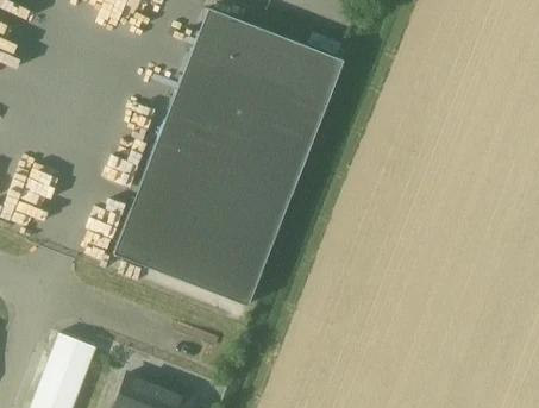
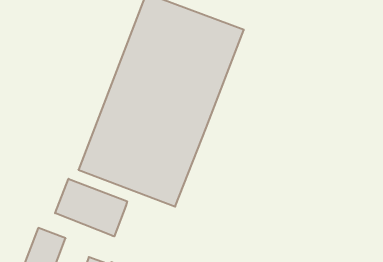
building: none -> [55,179,127,236]

